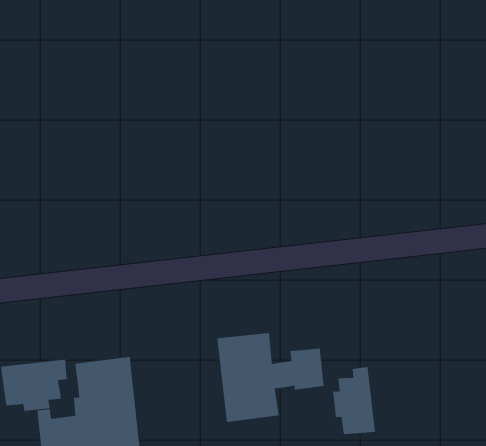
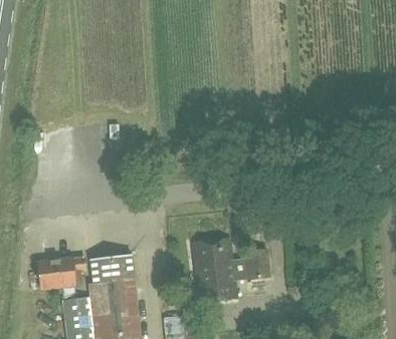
building: [332,366,376,435] -> none

